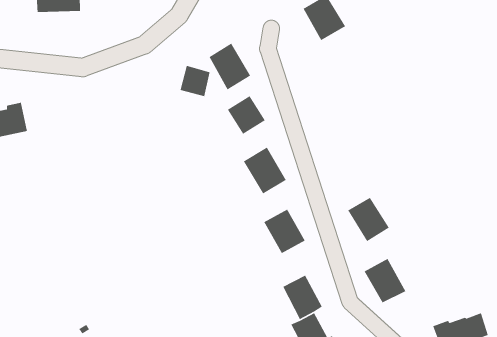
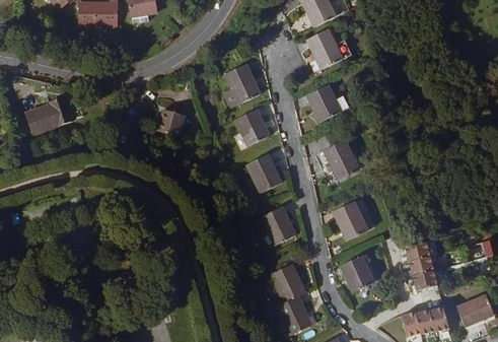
building: none -> [306,81,341,118]
building: [179,65,211,97] -> [156,109,184,137]
building: none -> [325,137,359,177]
building: none -> [404,238,437,288]

